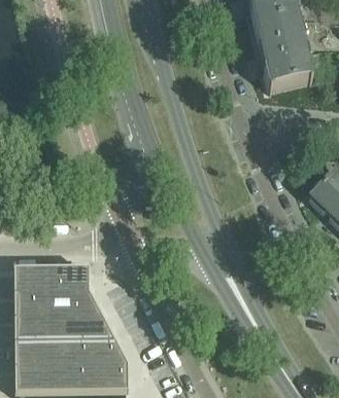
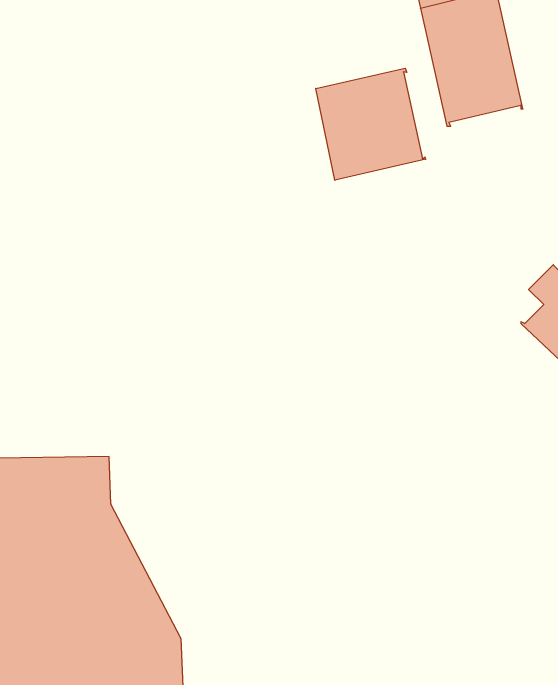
building: none -> [316,68,426,180]

